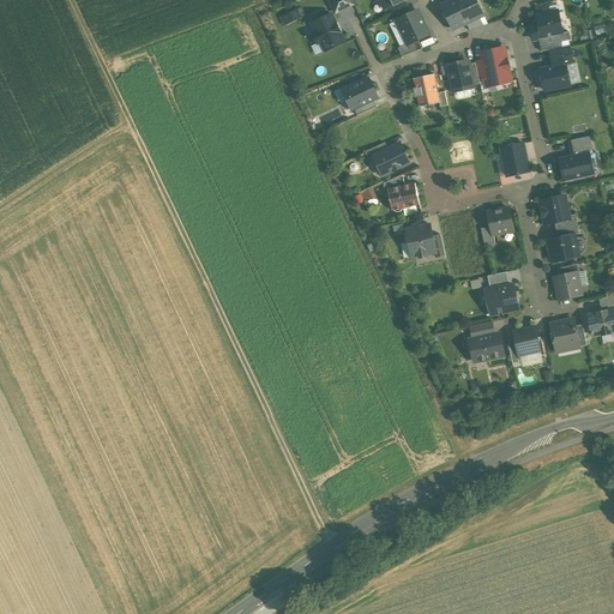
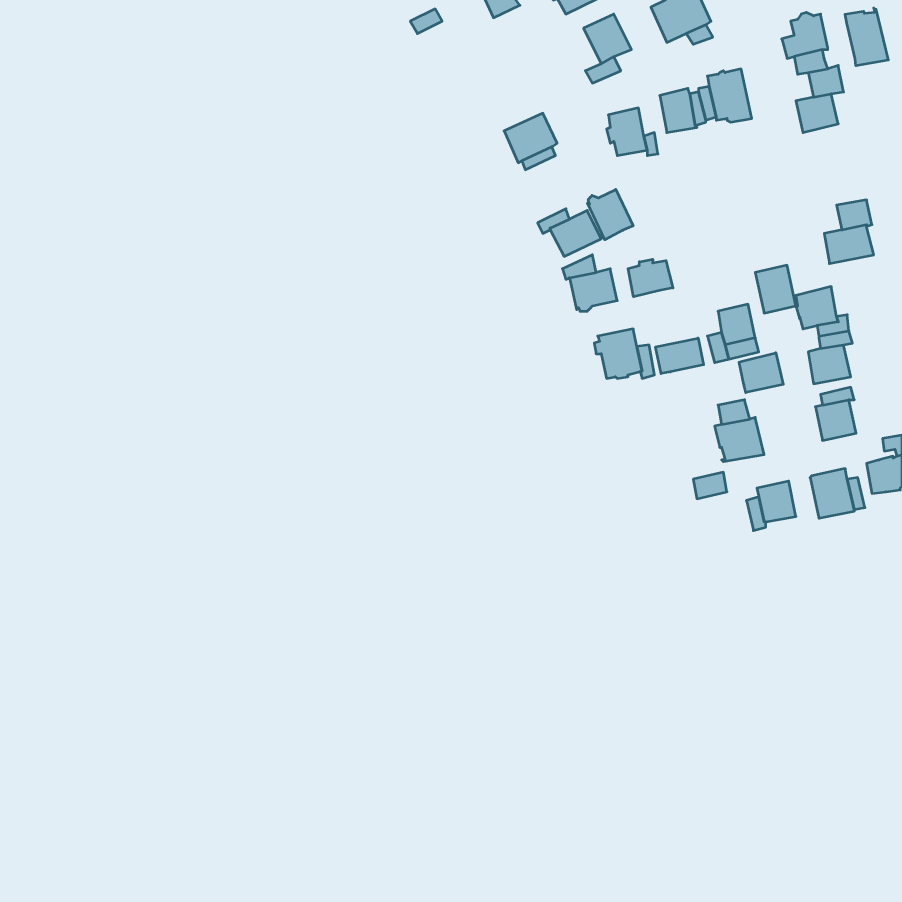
building: none -> [845,8,888,66]
building: [312,14,343,50] -> none
building: none -> [587,189,633,240]
building: [500,143,528,175] -> [755,265,796,313]
building: none -> [628,259,673,297]
building: none -> [656,338,704,374]
building: none -> [739,353,783,393]
building: [470,332,502,361] -> none

